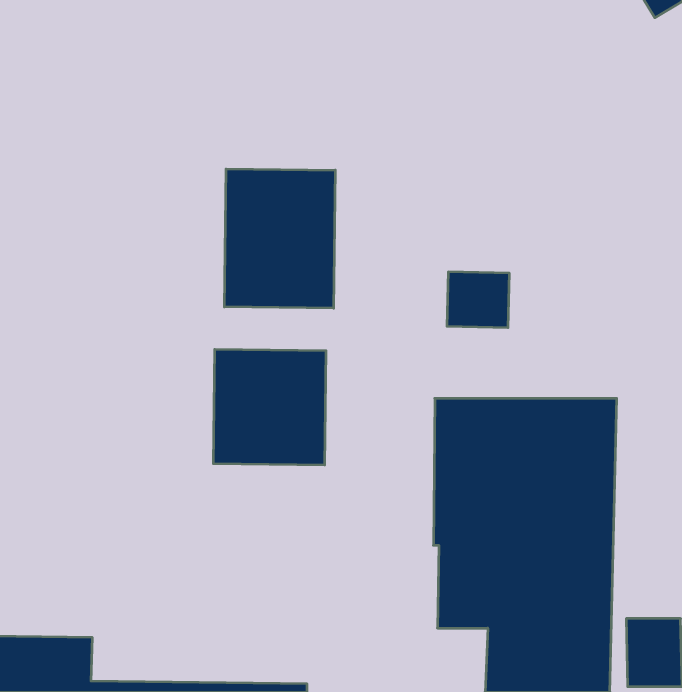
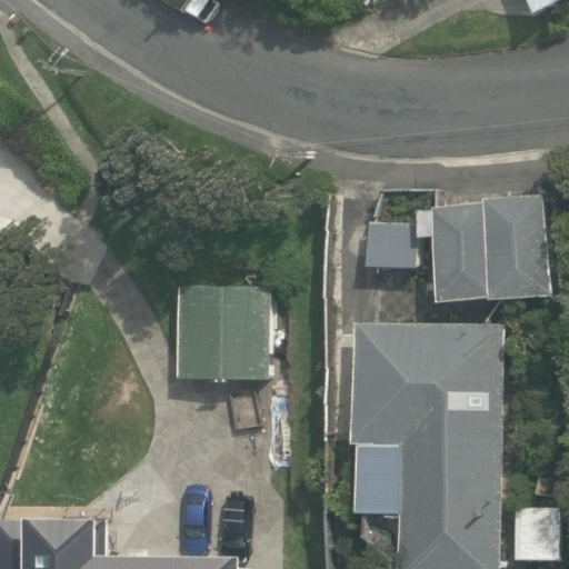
building: [224,169,335,308] -> none
building: none -> [433,193,550,305]

